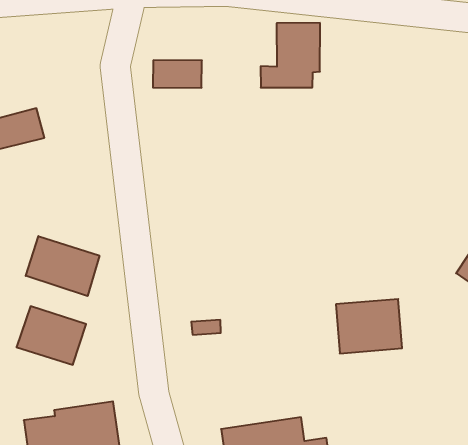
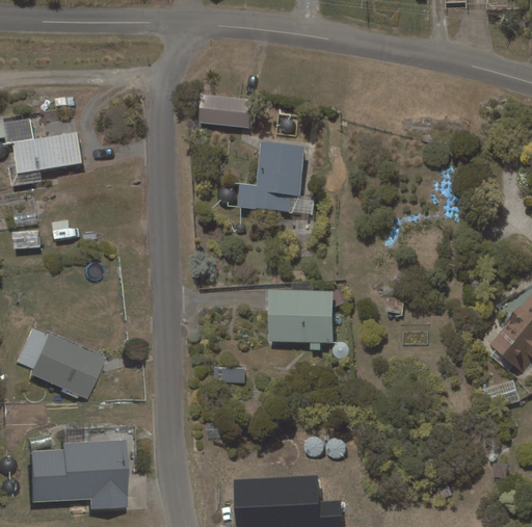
building: [261,23,320,88] -> [237,141,304,211]
building: [26,236,99,296] -> none
building: [336,299,402,353] -> [267,290,332,342]

